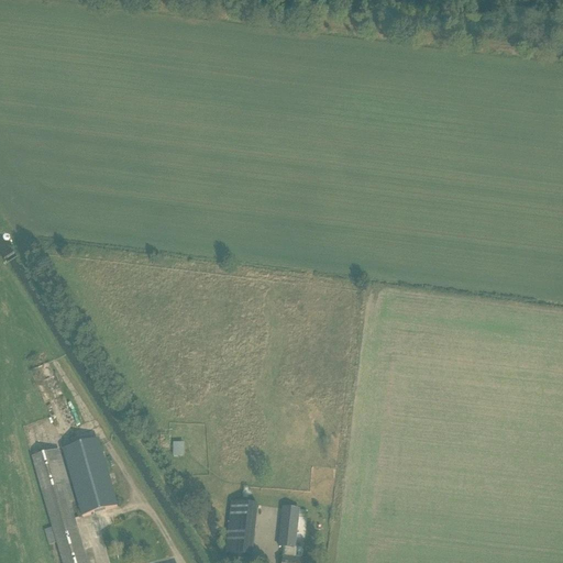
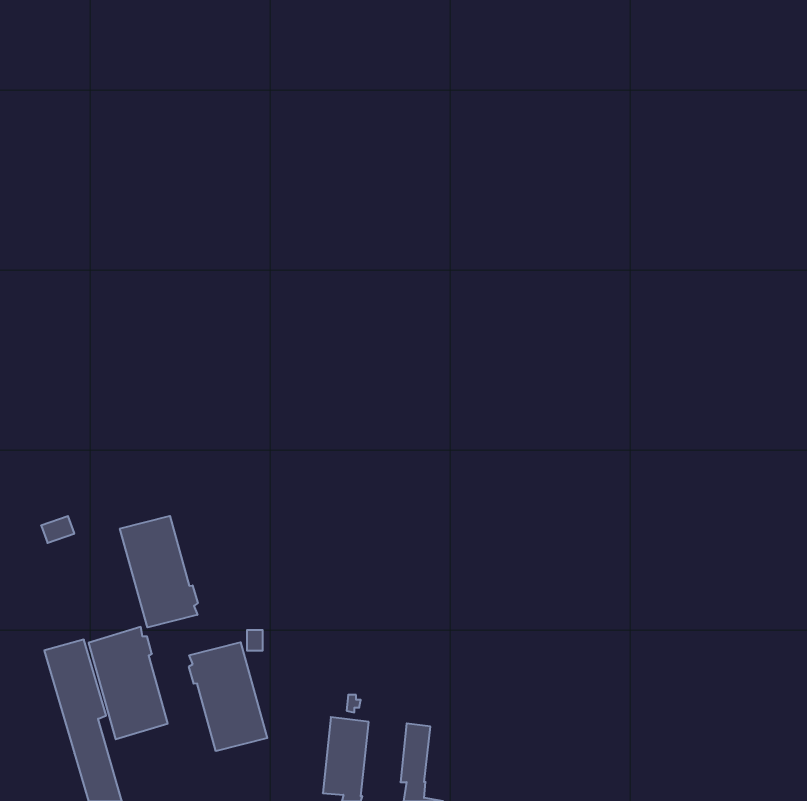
building: none -> [120,516,198,627]
building: none -> [189,642,267,751]

